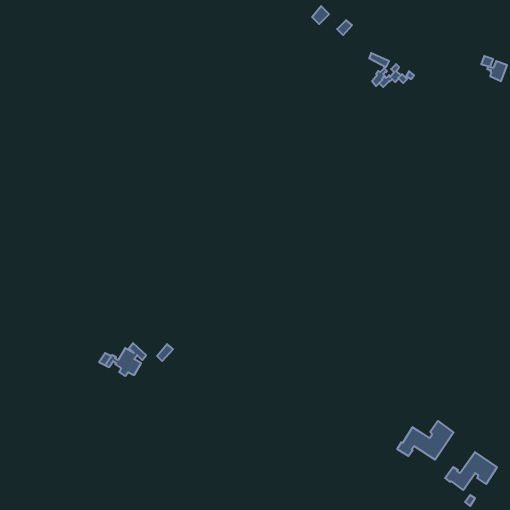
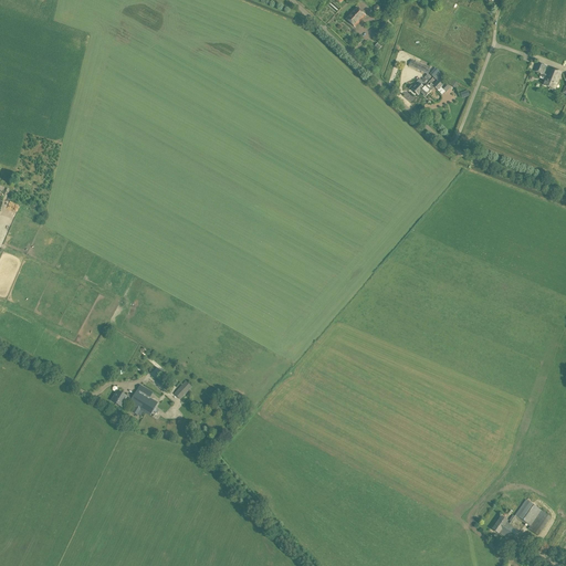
building: [397,421,454,460] -> none

